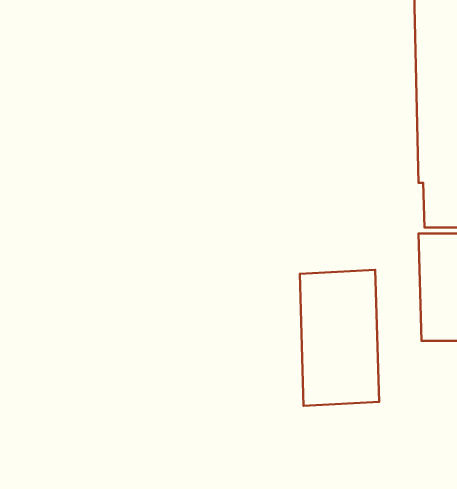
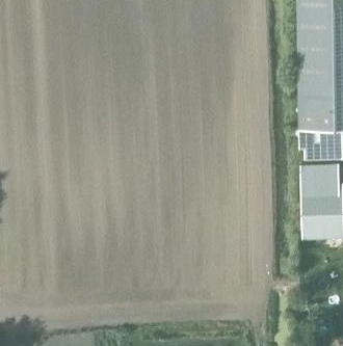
building: [300,270,379,406] -> none

